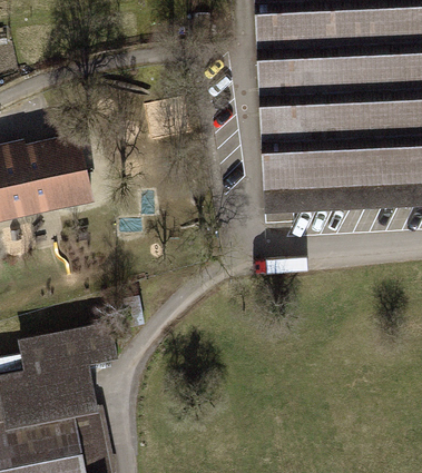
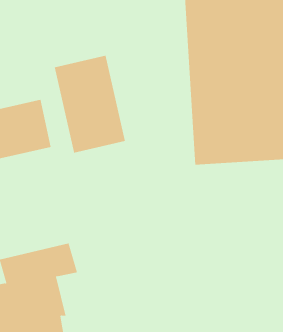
building: none -> [54,55,125,153]

